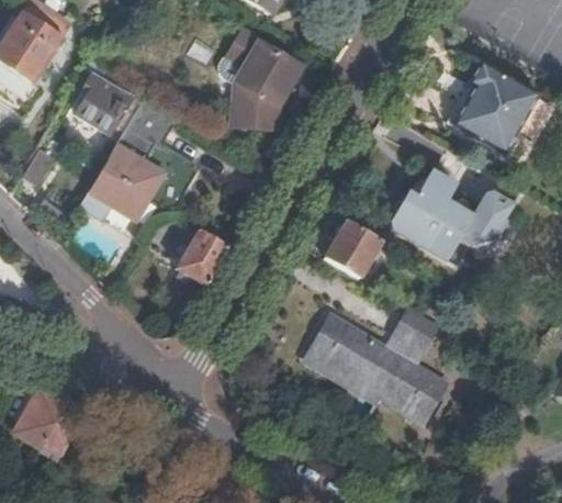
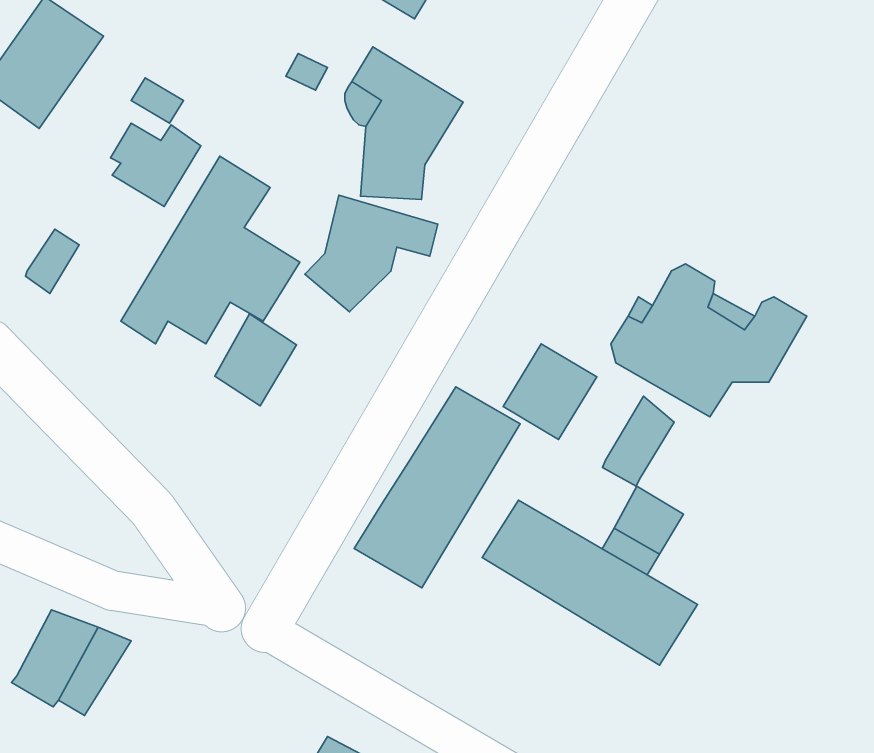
building: [446,68,537,160] -> none
building: none -> [305,195,438,312]
building: [175,230,226,288] -> [215,314,297,406]
building: none -> [354,387,520,588]
building: none -> [602,396,674,486]

